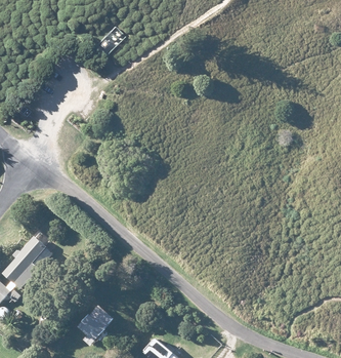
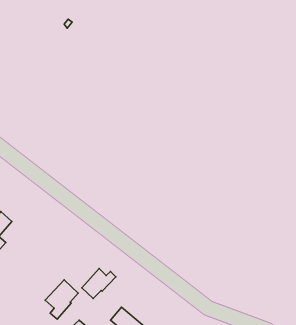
building: none -> [82,269,116,298]

